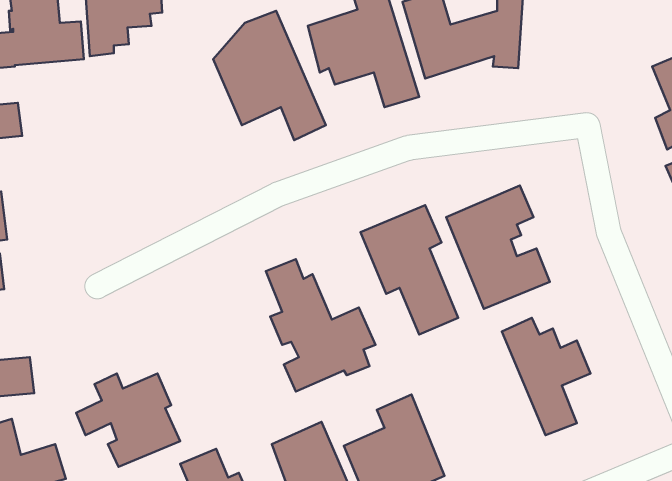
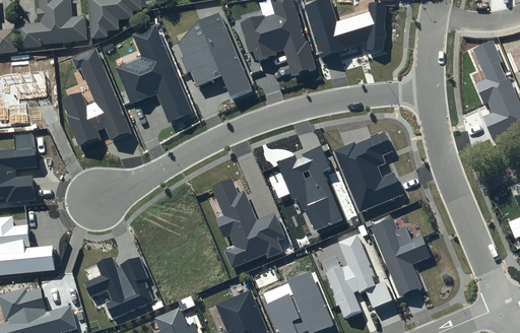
building: none -> [116,22,191,122]
building: none -> [60,47,131,147]
building: none -> [326,234,391,318]

